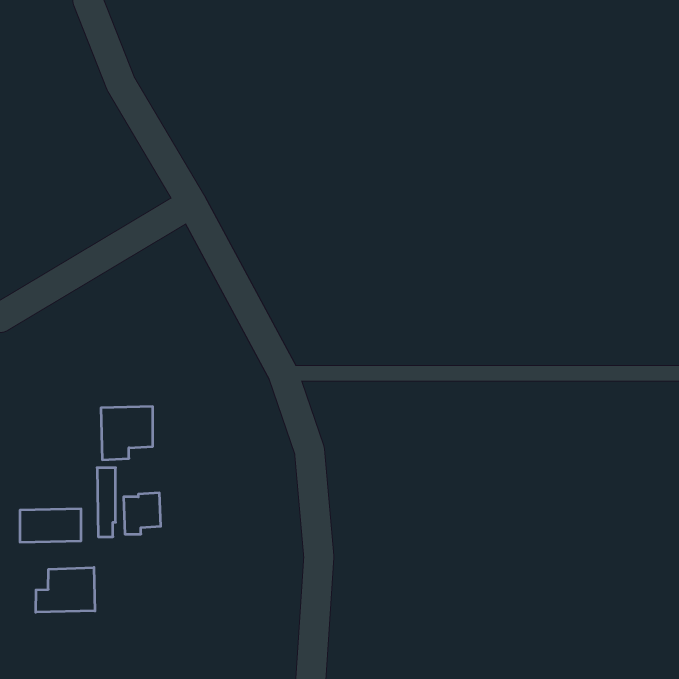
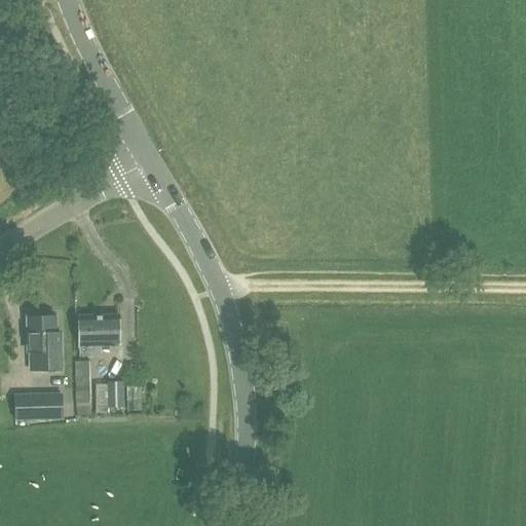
building: none -> [27,316,61,370]
building: [36,567,95,612] -> none

